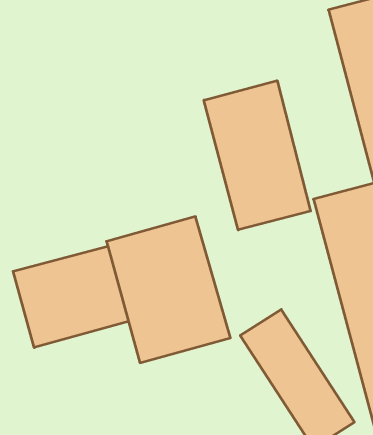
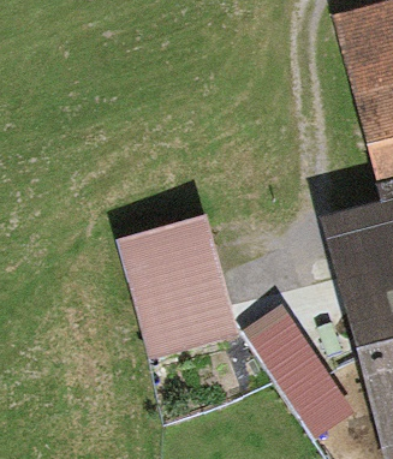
building: [204,81,311,230] -> none
building: [13,246,128,348] -> none

